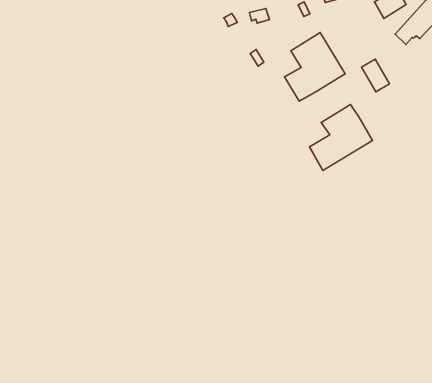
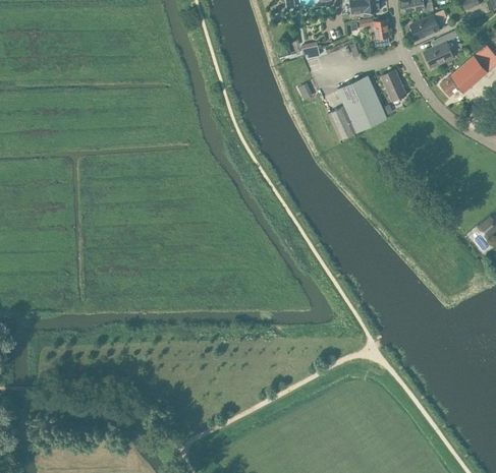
building: [361,59,390,92] -> [381,69,406,101]
building: [309,104,373,170] -> none

